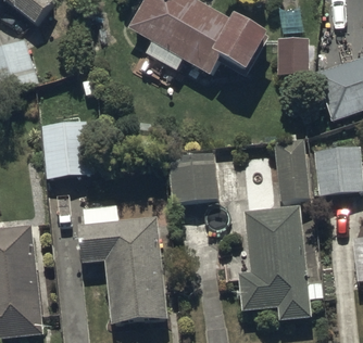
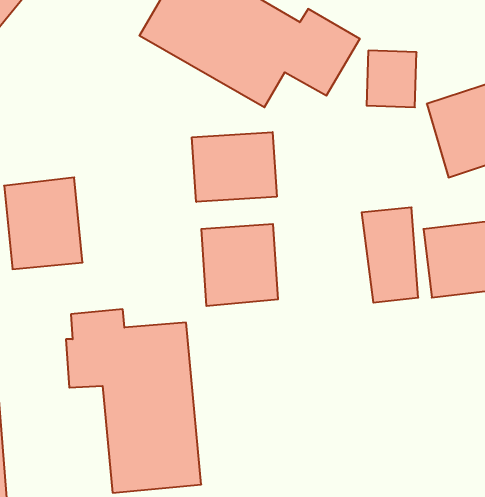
building: none -> [192,132,277,202]
building: [237,206,309,319] -> none

